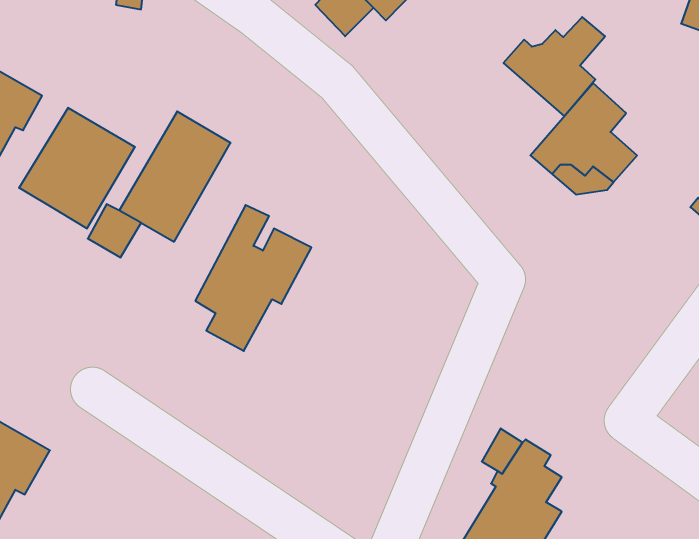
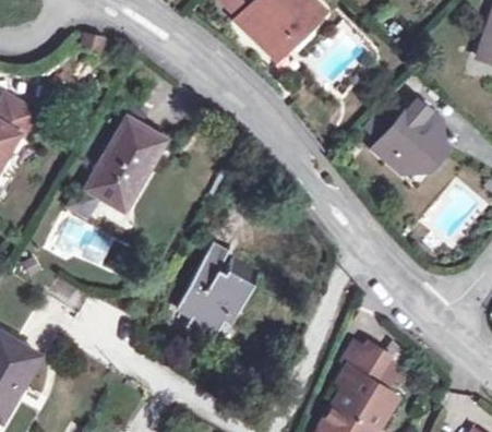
building: [504,17,605,116] -> none
building: [19,108,135,229] -> none
building: [195,205,311,351] -> [178,242,259,344]

